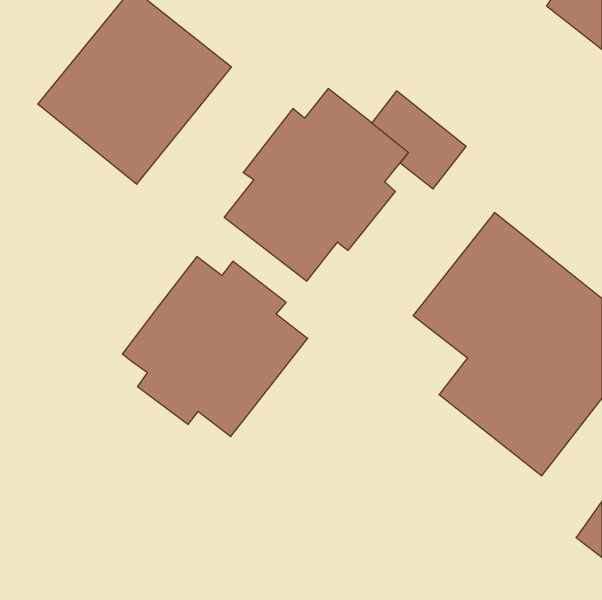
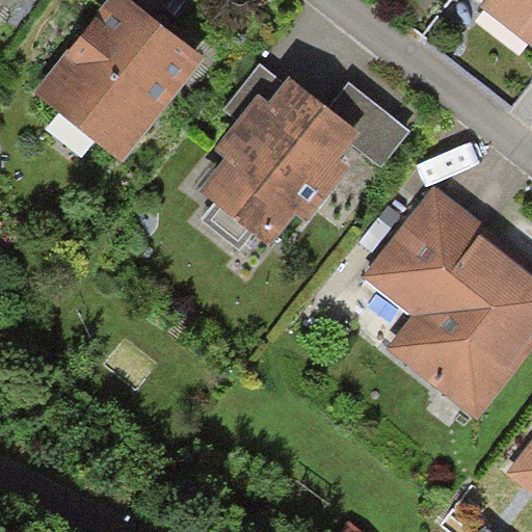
building: [122,257,308,437] -> none

